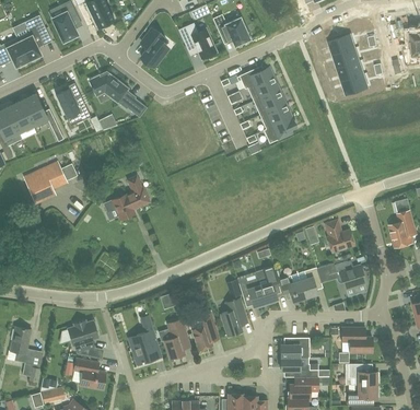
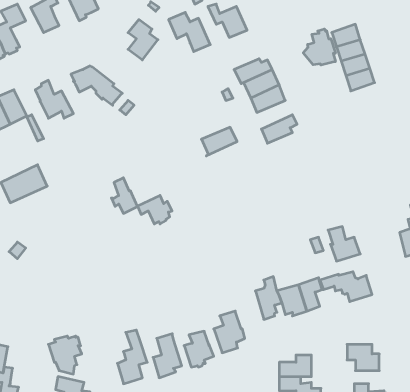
building: none -> [303,29,335,65]
building: [259,104,292,130] -> [201,127,237,156]
building: [105,194,137,220] -> [138,195,172,224]
building: [237,271,266,307] -> none

